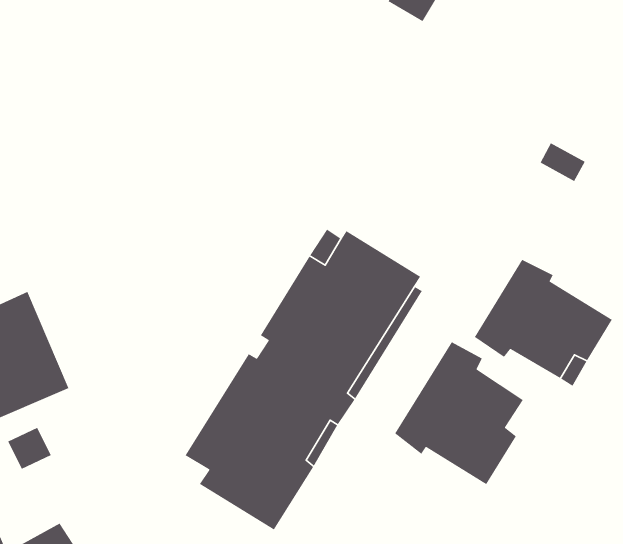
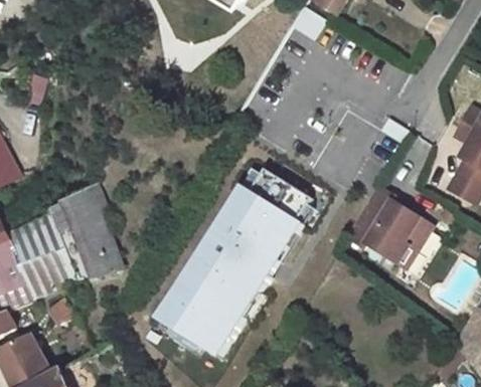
building: none -> [59,187,118,272]
building: [394,341,524,485] -> none

